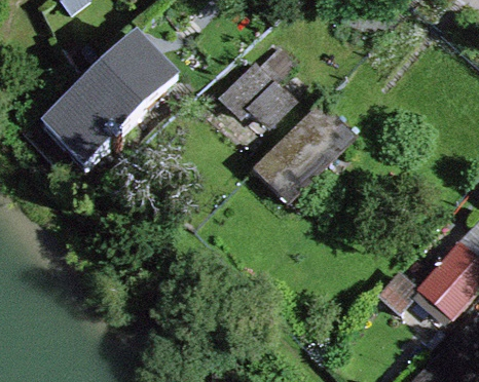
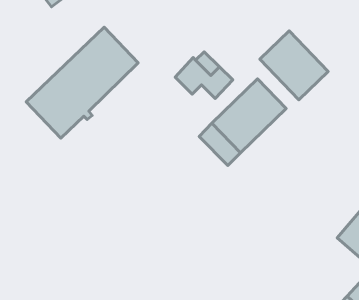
building: none -> [260,31,328,100]

